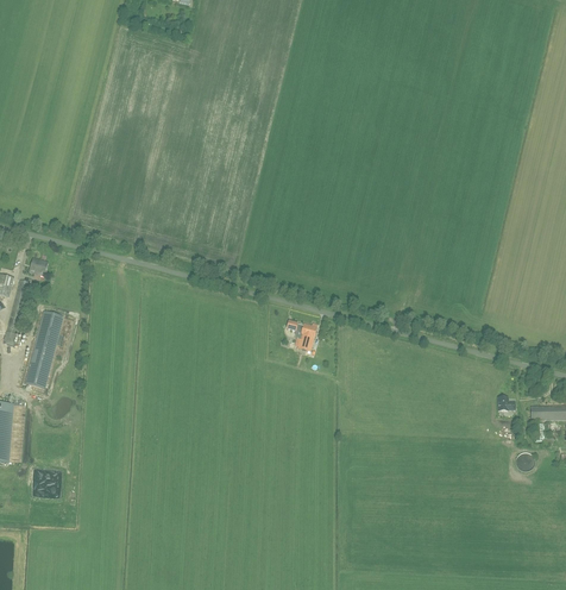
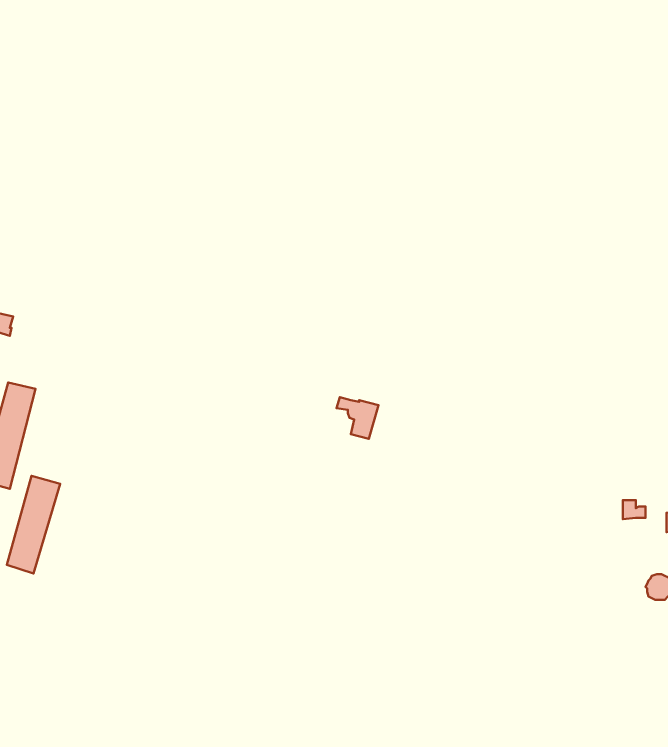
building: none -> [7,476,60,573]

